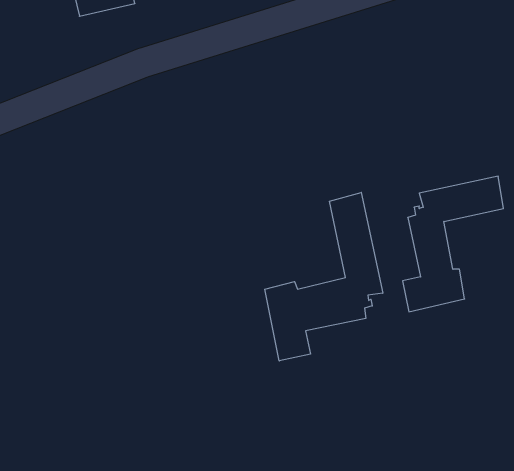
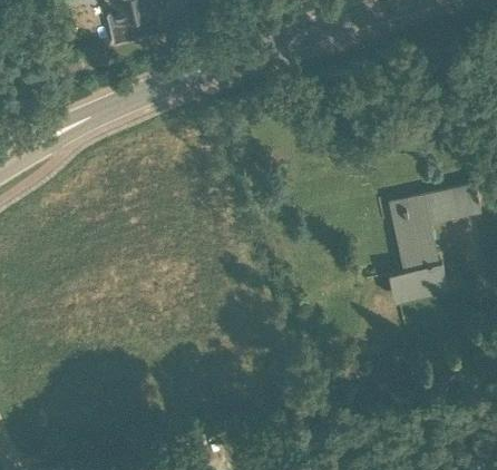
building: [265,192,383,361] -> none

